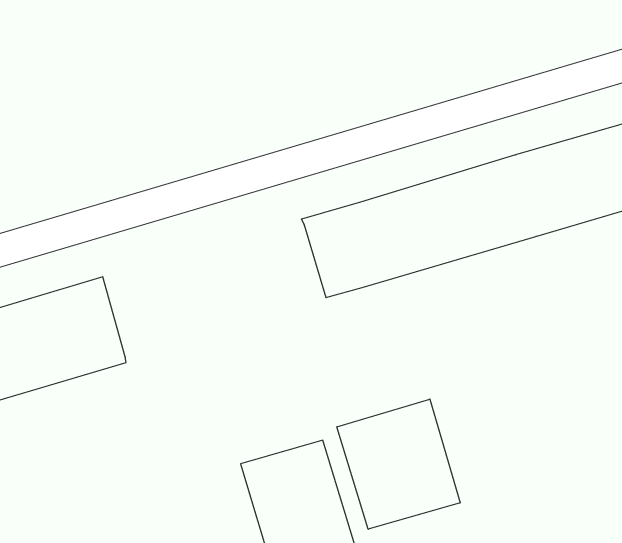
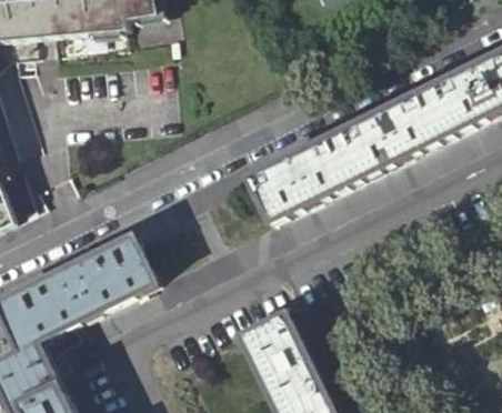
building: [337,399,460,529] -> none

